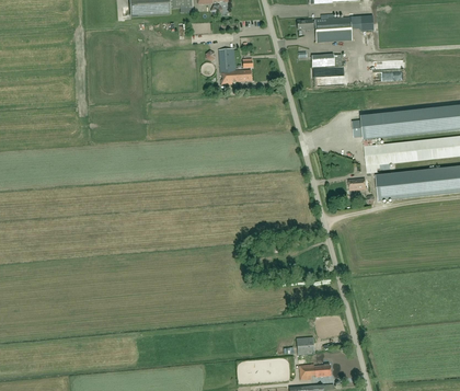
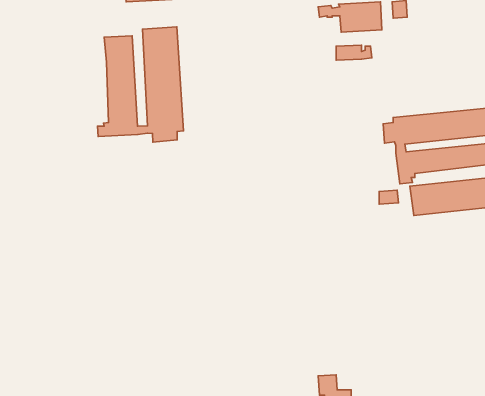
building: none -> [98,27,183,142]
building: [219,48,251,83] -> none

